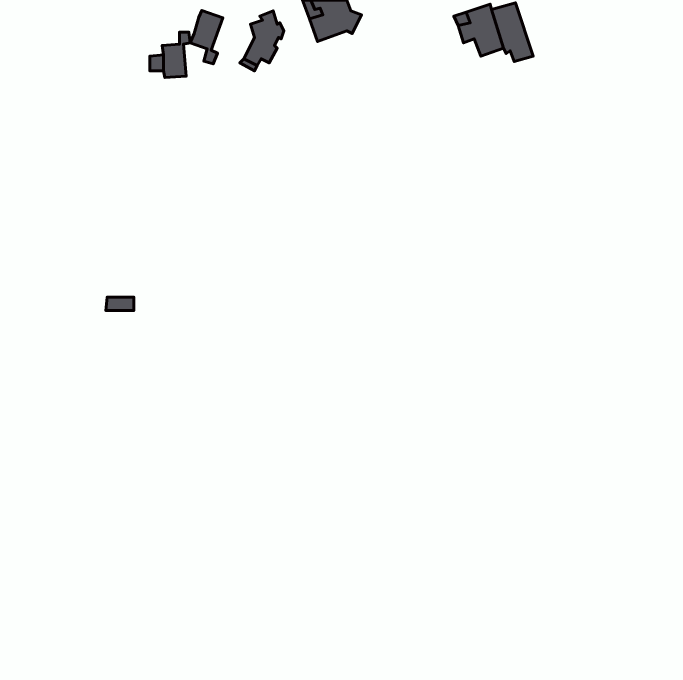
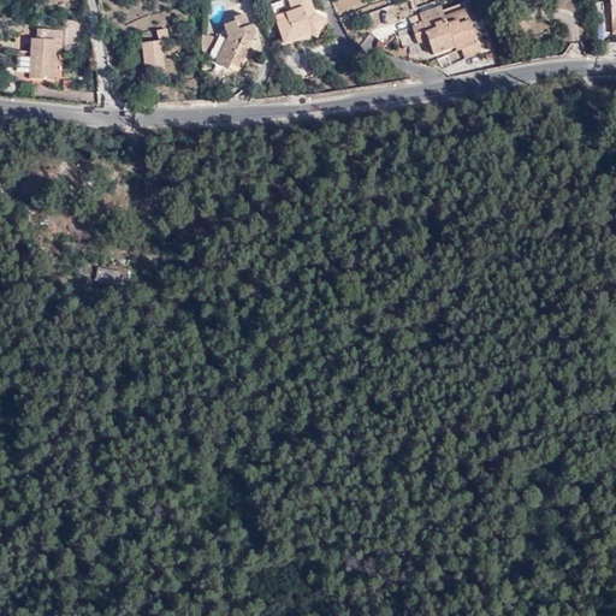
building: [190,11,223,64] -> none
building: none -> [31,34,57,83]

